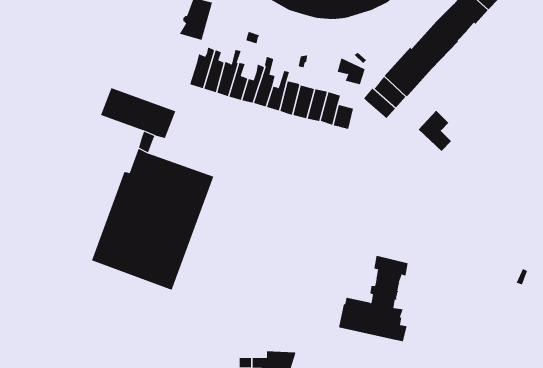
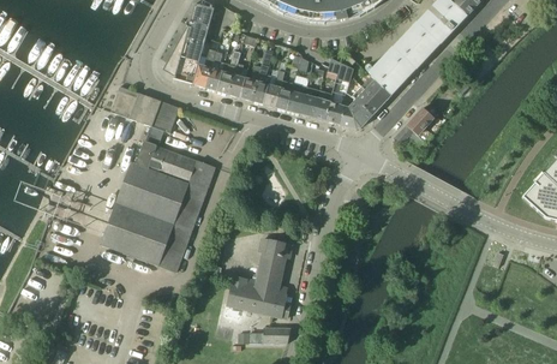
building: none -> [164,36,204,83]
building: none -> [339,99,373,129]
building: [338,255,409,342] -> [227,238,292,317]

